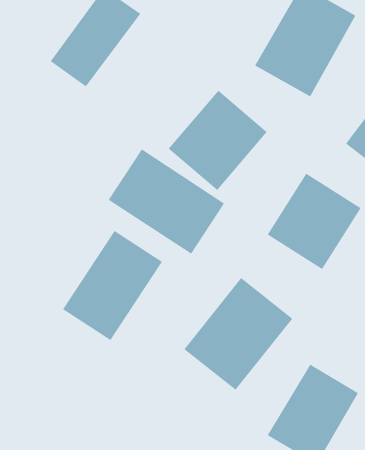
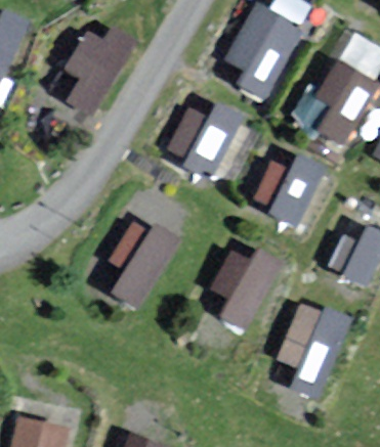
building: [108,149,225,255] -> none

